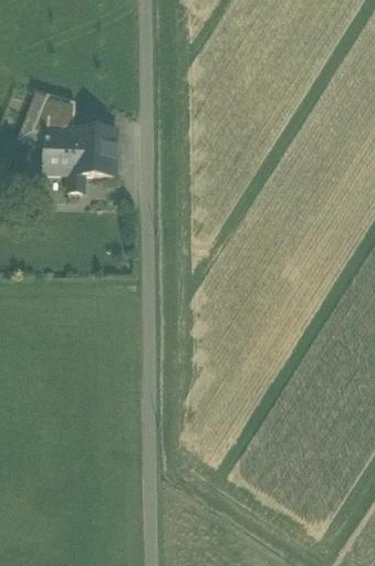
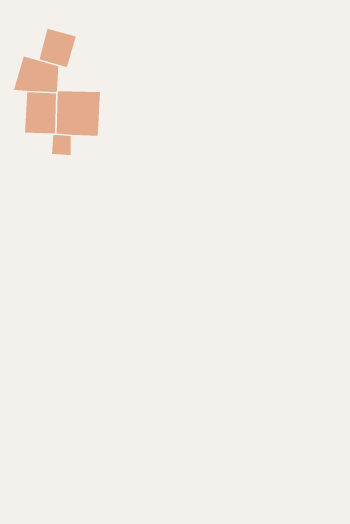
building: none -> [38,28,77,68]

